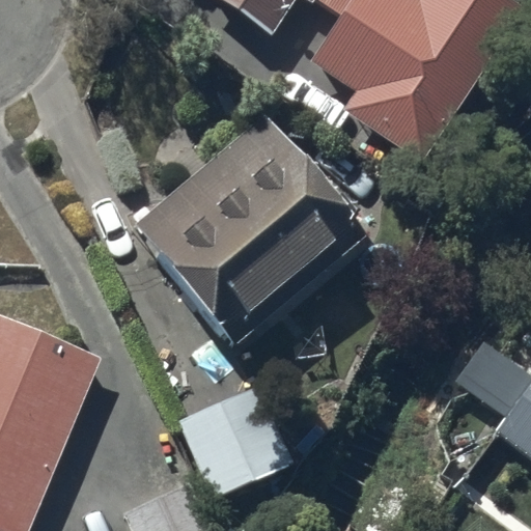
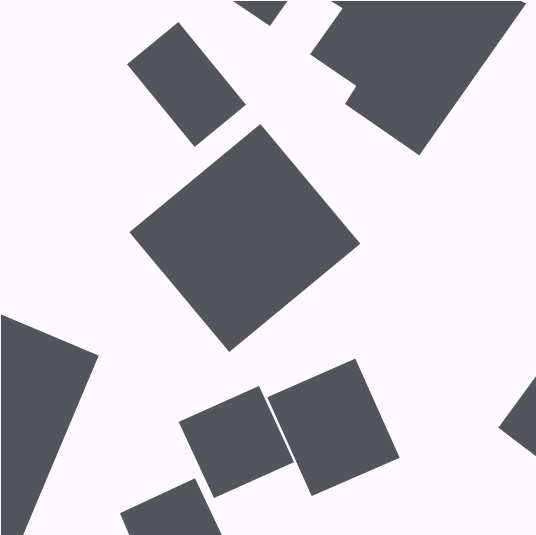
building: none -> [126,21,247,148]
building: none -> [266,358,401,497]

